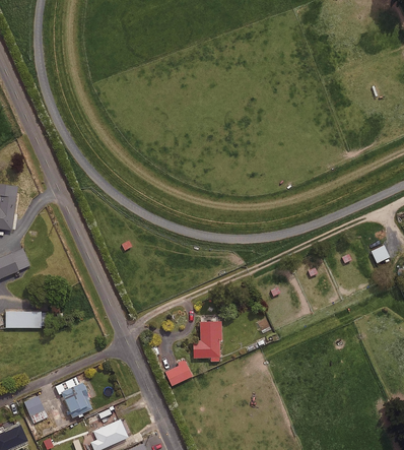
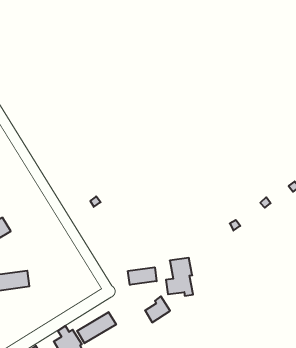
building: none -> [128,267,157,285]
building: none -> [77,312,116,343]

